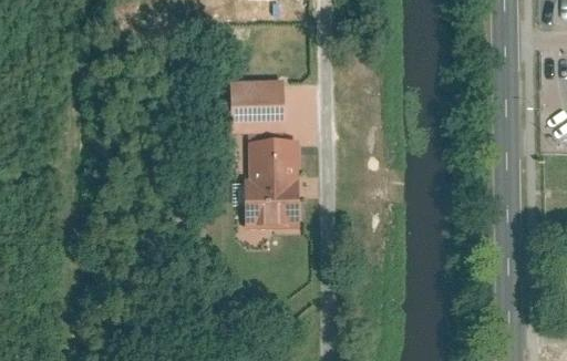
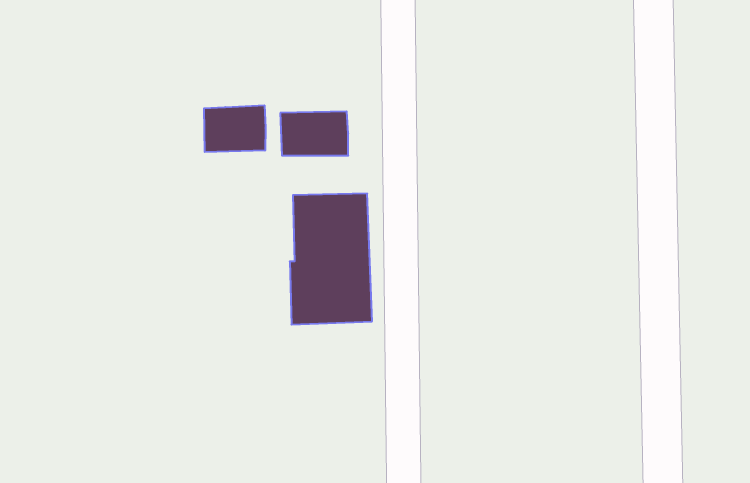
building: none -> [204,105,265,152]

